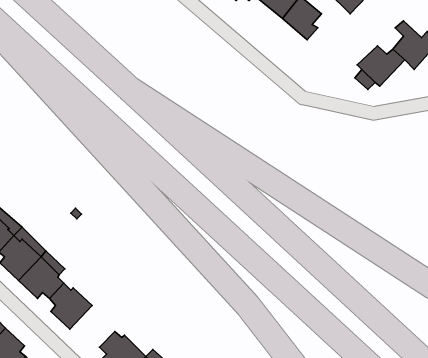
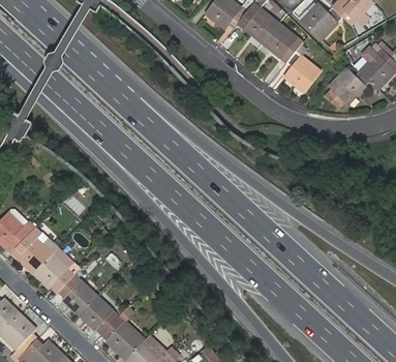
building: none -> [281,48,316,93]
building: none -> [78,295,117,331]

